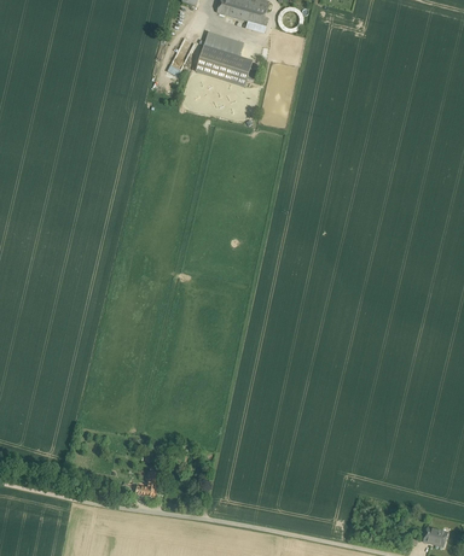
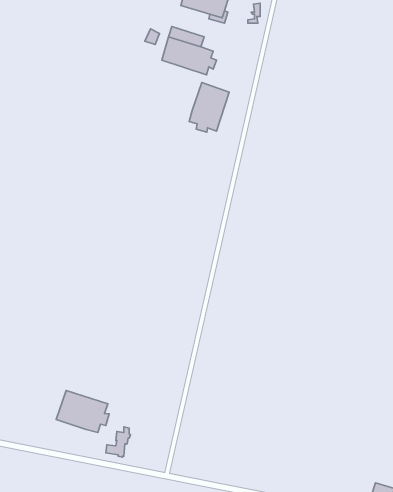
building: none -> [189,82,229,132]
building: none -> [56,391,109,433]

